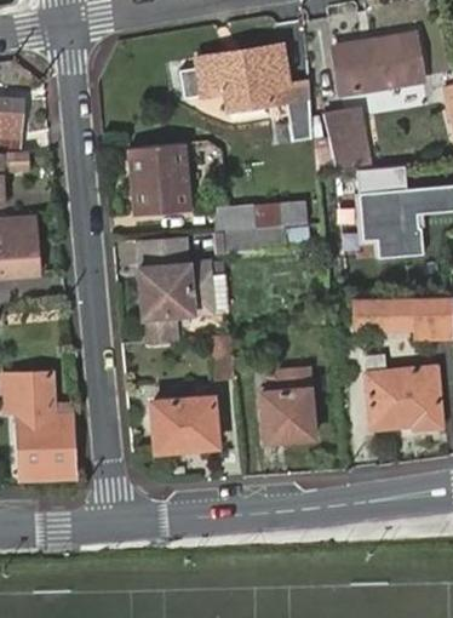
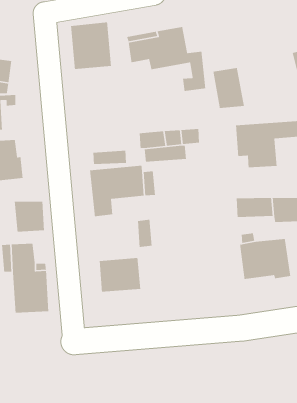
building: [331,32,424,95] -> none
building: [126,141,189,213] -> [70,22,112,70]
building: none -> [14,201,45,232]
building: [262,366,314,439] -> none

